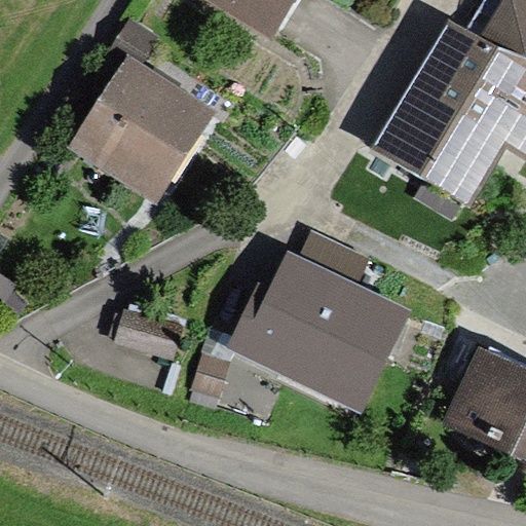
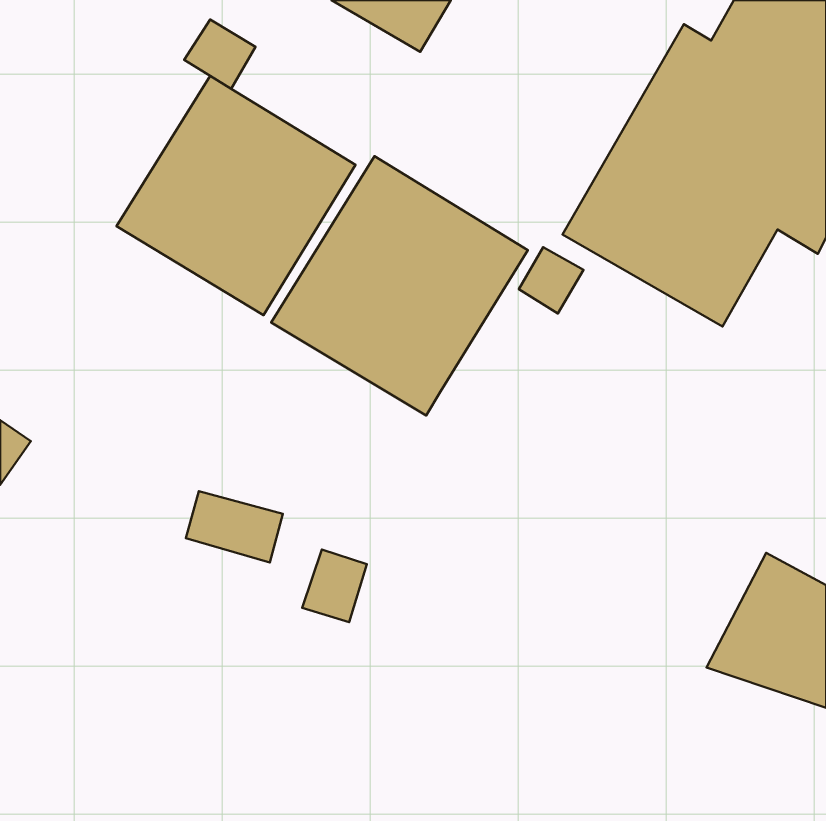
building: none -> [271,156,528,416]
building: [234,262,383,396] -> none

